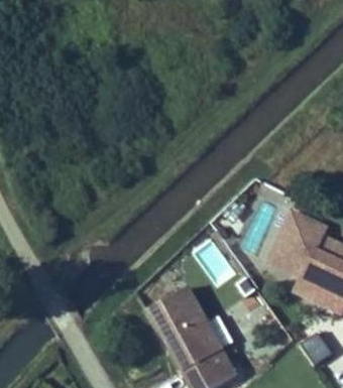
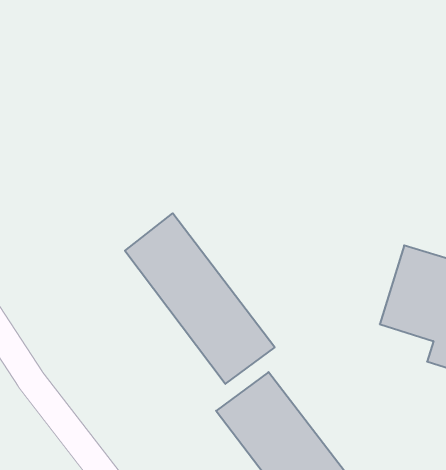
building: none -> [125,213,275,384]

